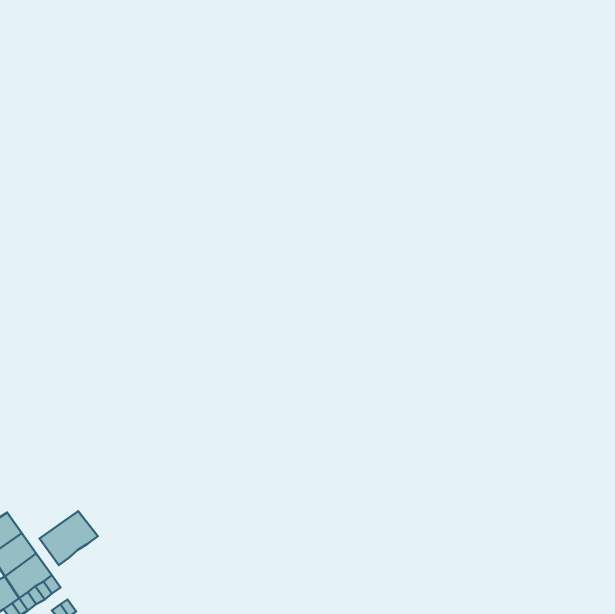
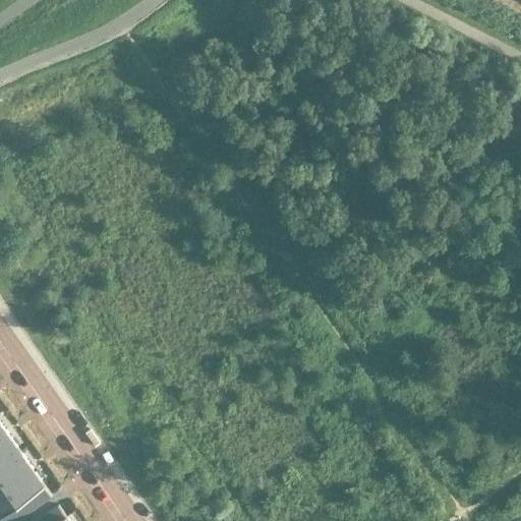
building: [40,511,98,565] -> none

